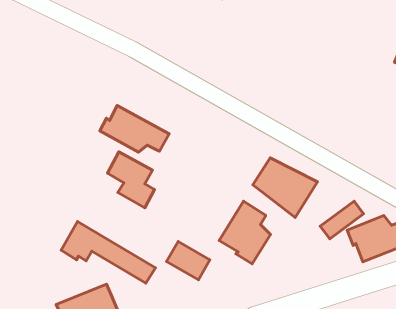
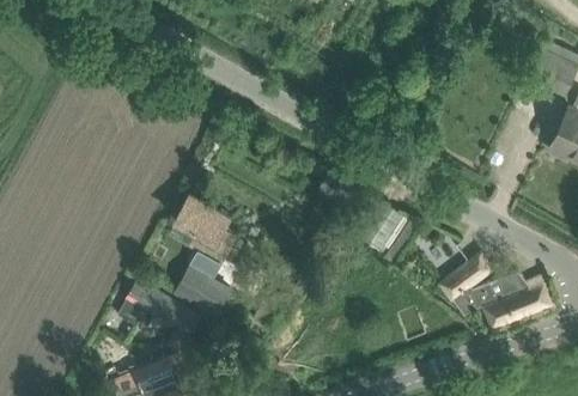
building: [100,105,169,152] -> none
building: [219,201,270,264] -> none
building: [167,241,210,280] -> [174,266,227,313]

